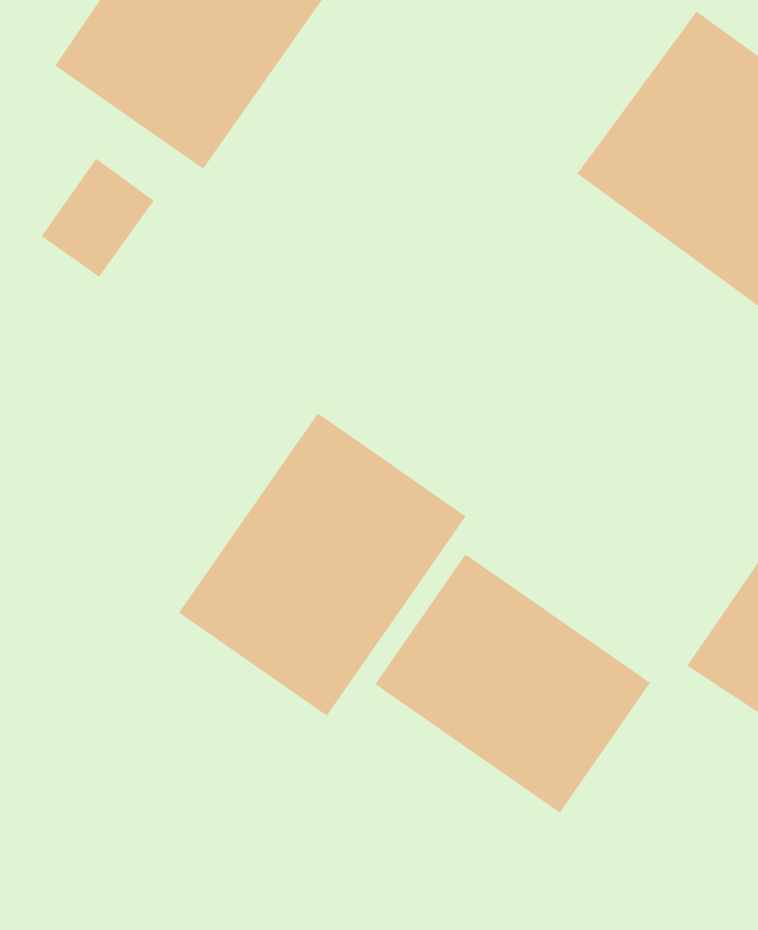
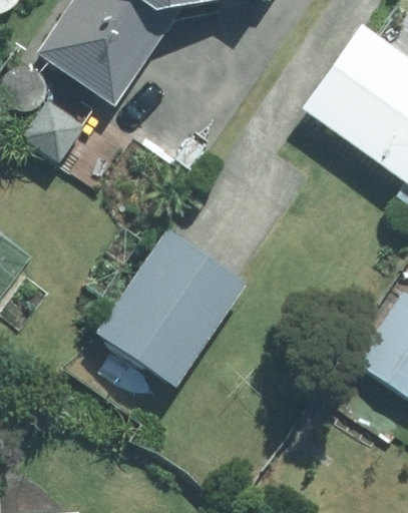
building: [374,554,651,814] -> none

